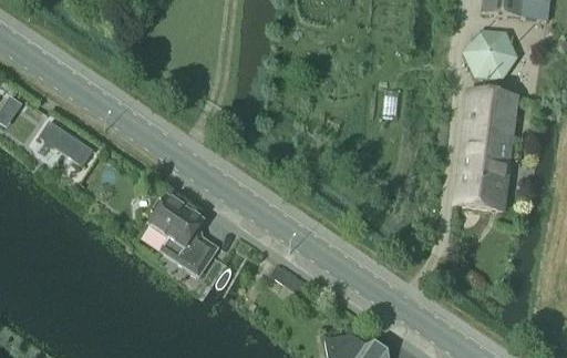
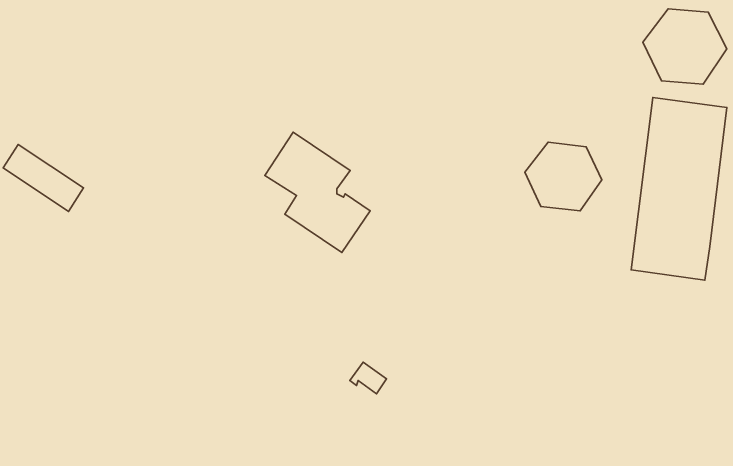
building: none -> [525,142,602,211]
building: [148,195,218,275] -> [265,132,370,253]

